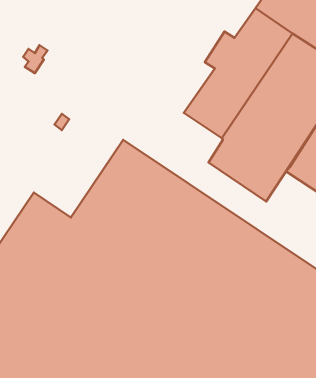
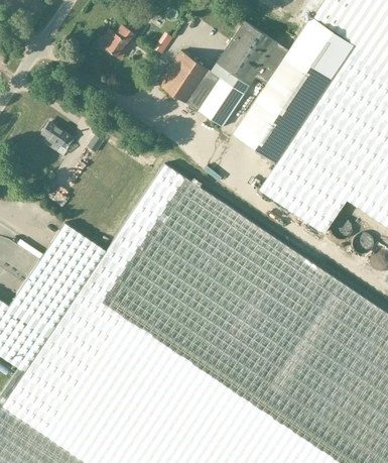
building: none -> [158,20,277,126]
building: [23,45,48,73] -> [103,24,130,55]
building: none -> [41,121,74,155]

